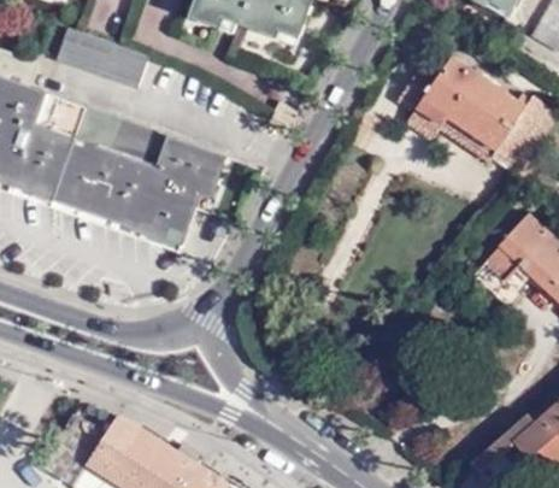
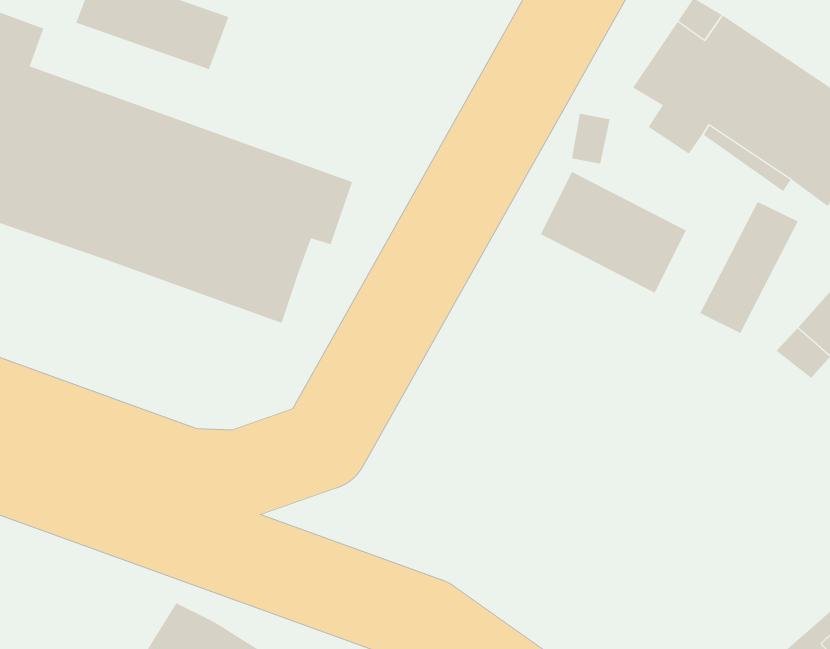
building: none -> [540,171,686,293]
building: none -> [700,201,799,334]

